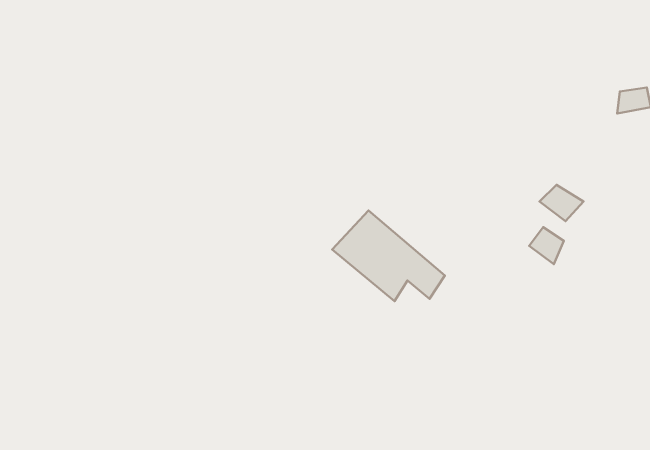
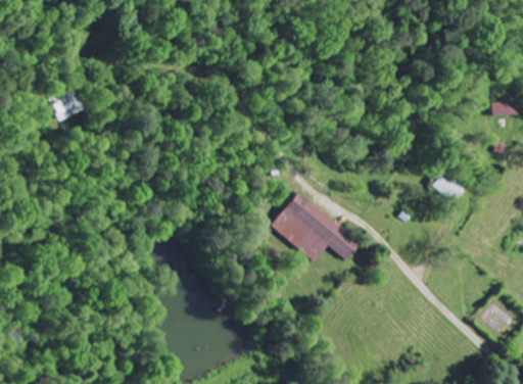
building: none -> [49,90,85,122]
building: [529,227,564,264] -> none

